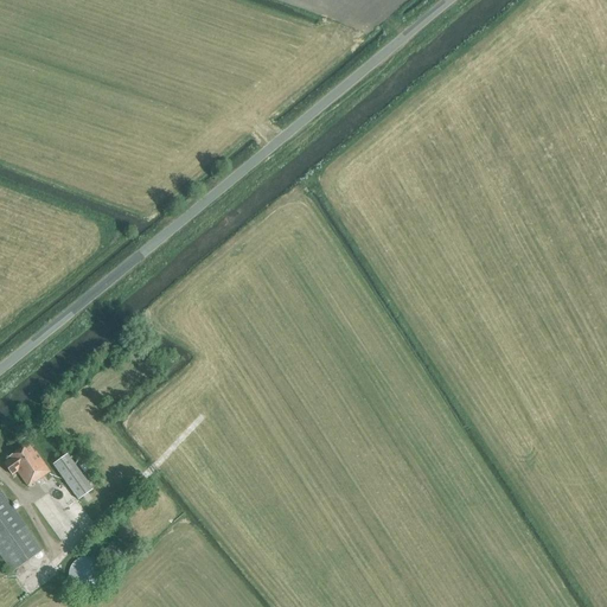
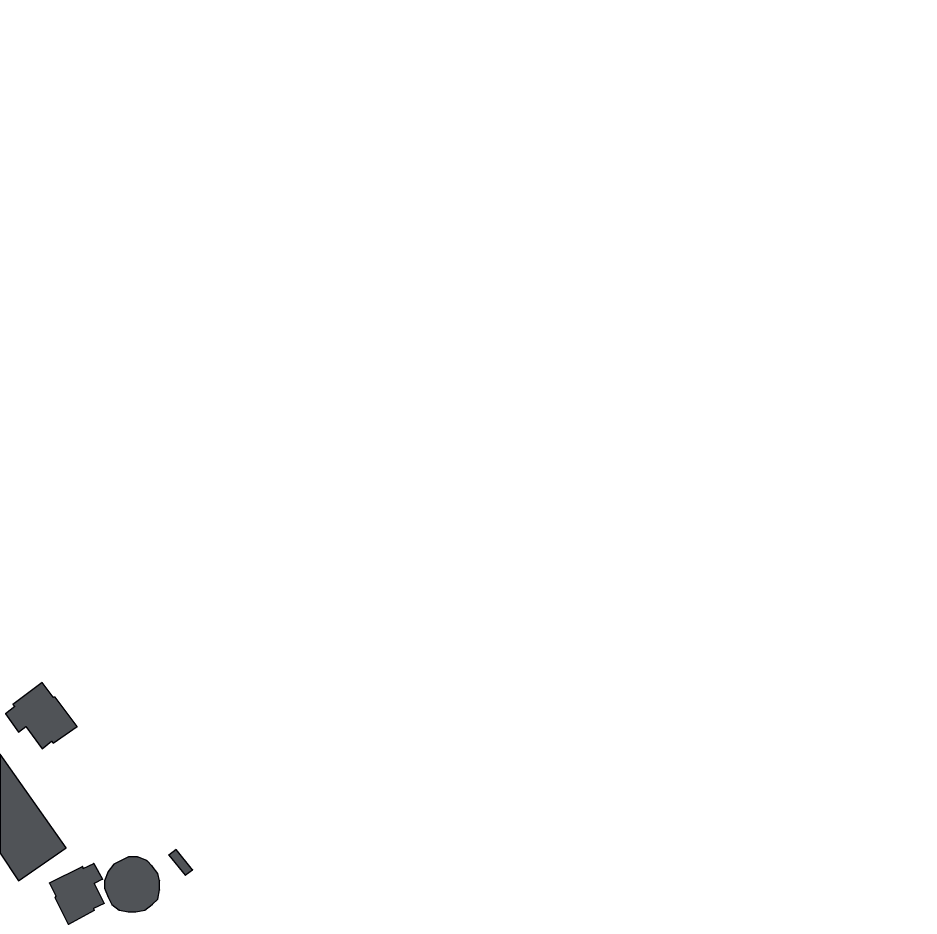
building: [53,452,91,498] -> none
building: none -> [49,863,104,924]

